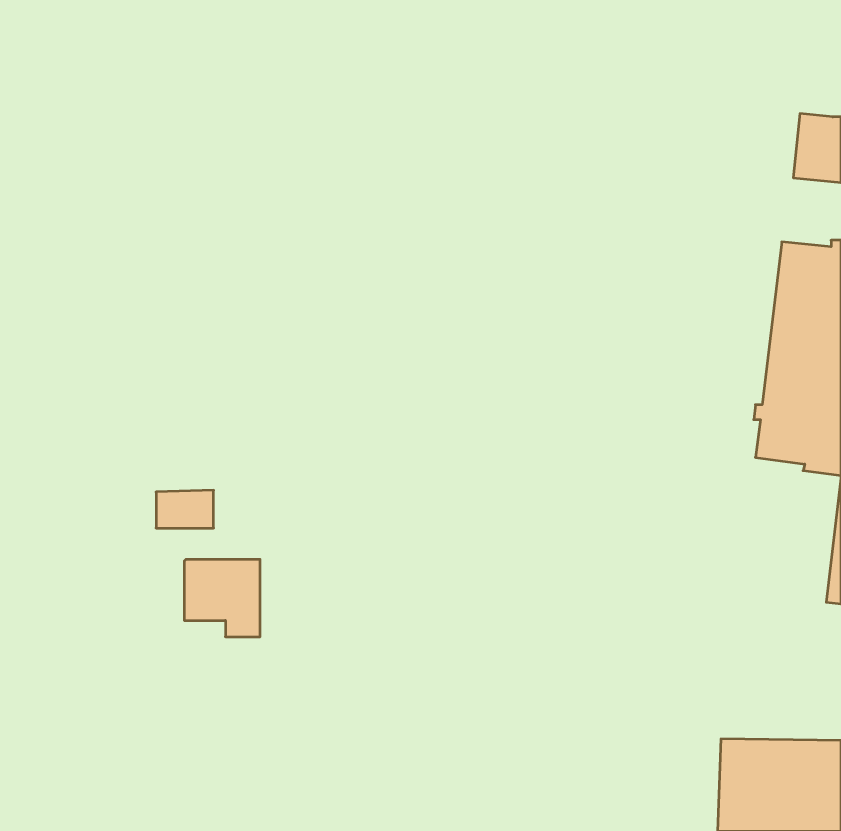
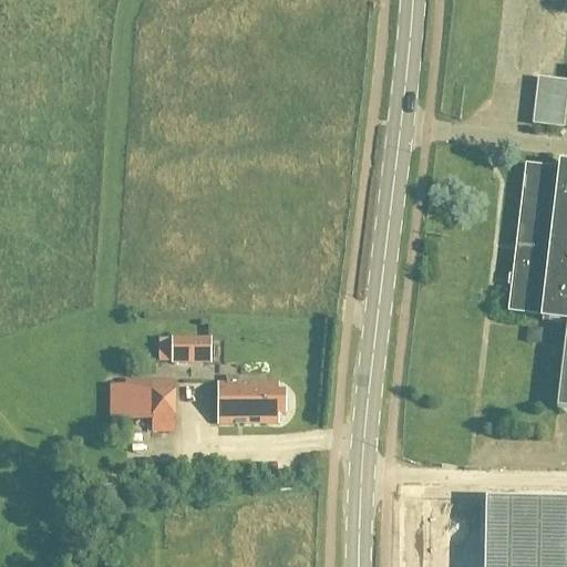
building: [156,490,214,528] -> [172,334,210,360]
building: none -> [218,380,285,420]

